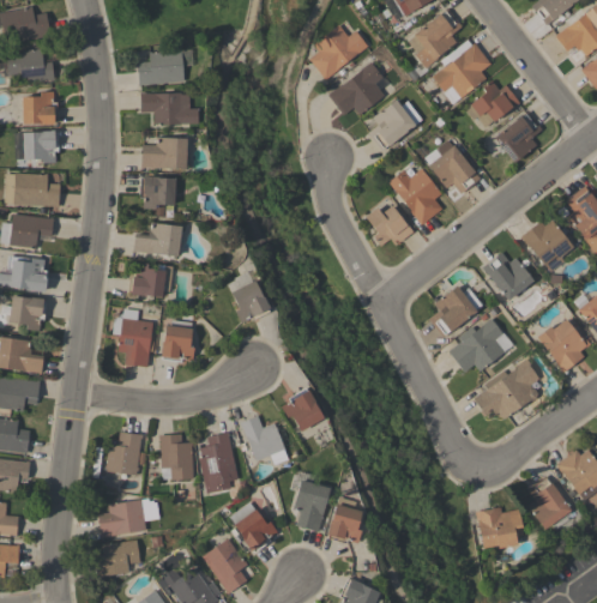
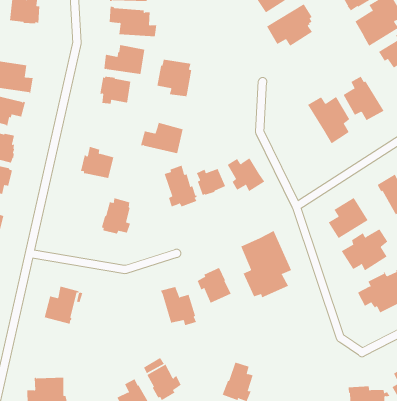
building: [368,100,421,151] -> none
building: [23,129,60,163] -> none
building: none -> [157,59,192,97]
building: [366,205,414,246] -> [227,158,265,192]
building: [133,222,182,257] -> [140,122,184,154]
building: none -> [196,168,226,196]
building: [113,309,156,367] -> none
building: none -> [240,230,292,298]
building: [199,432,239,493] -> none
building: [159,434,194,480] -> none
building: [291,470,330,531] -> none
building: [98,499,161,538] -> none

